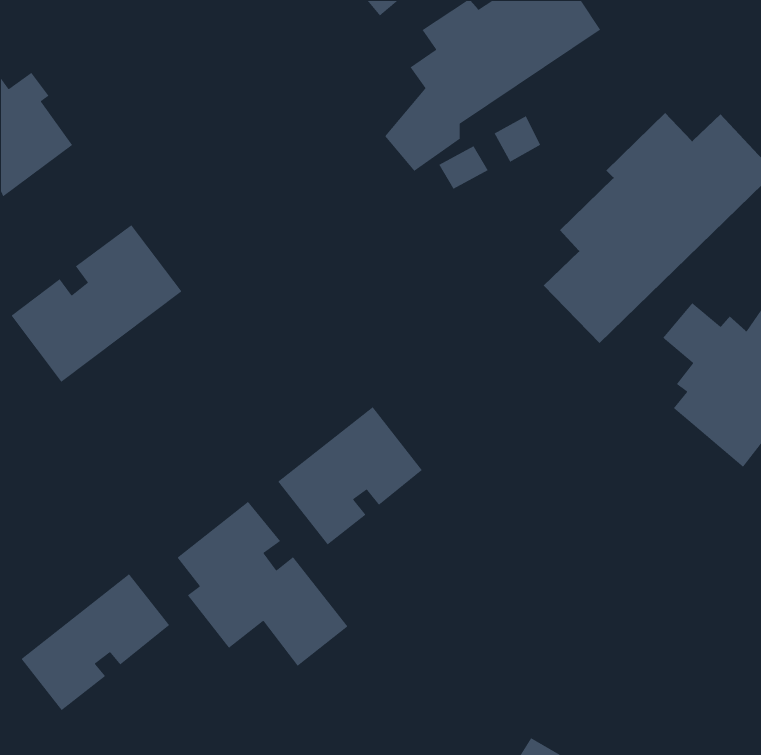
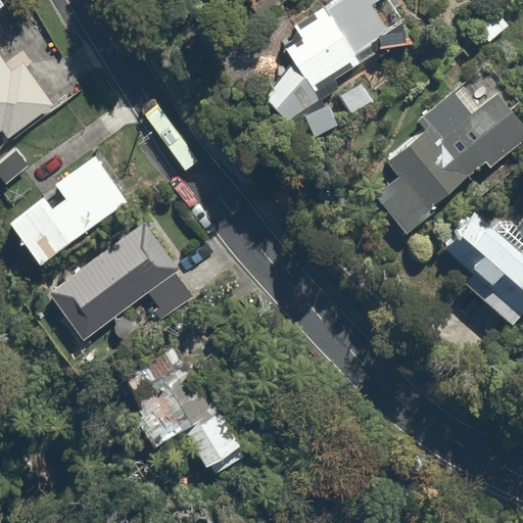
building: none -> [45,220,202,346]
building: [277,406,423,545] -> none
building: [20,573,170,711] -> none

